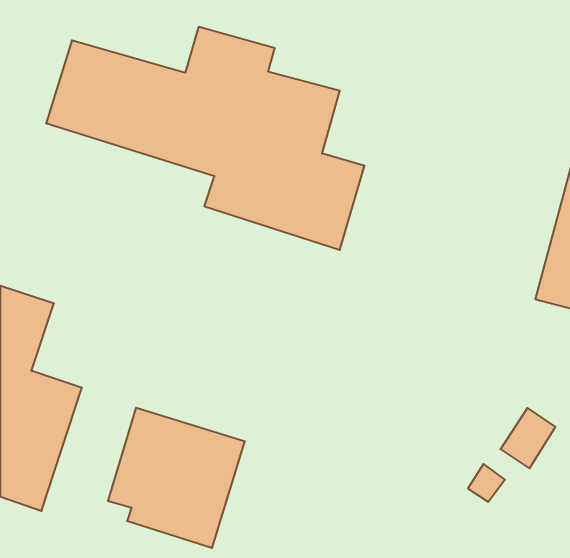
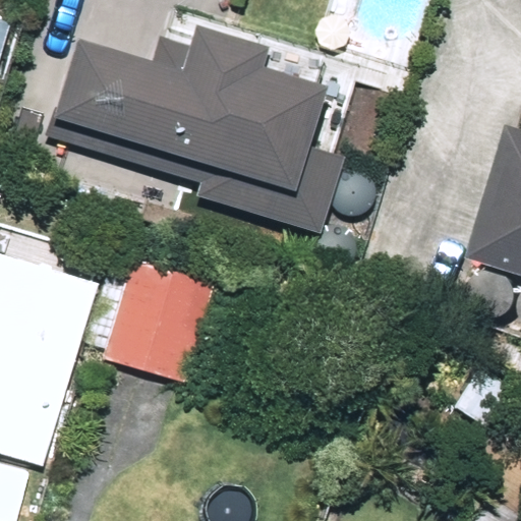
building: [108,408,245,548] -> [91,254,215,382]

